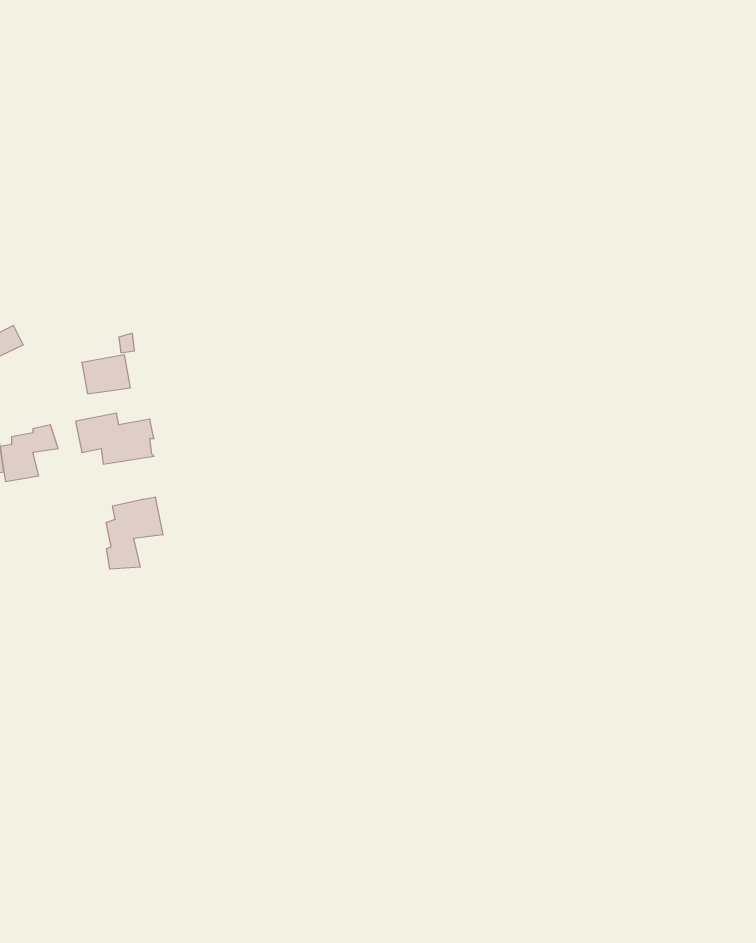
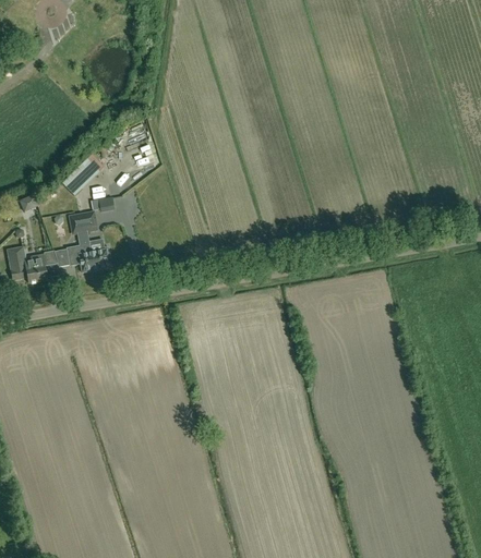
building: none -> [64,159,107,196]
building: [106,497,163,569] -> none

